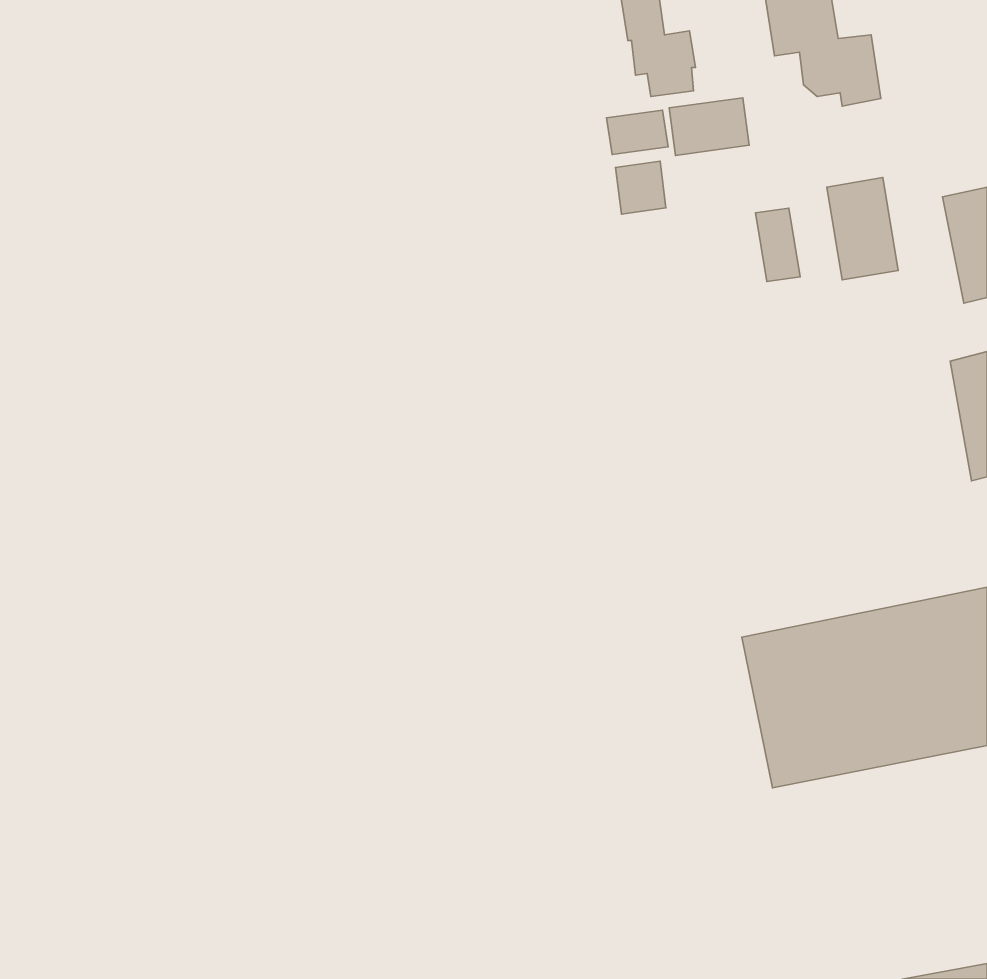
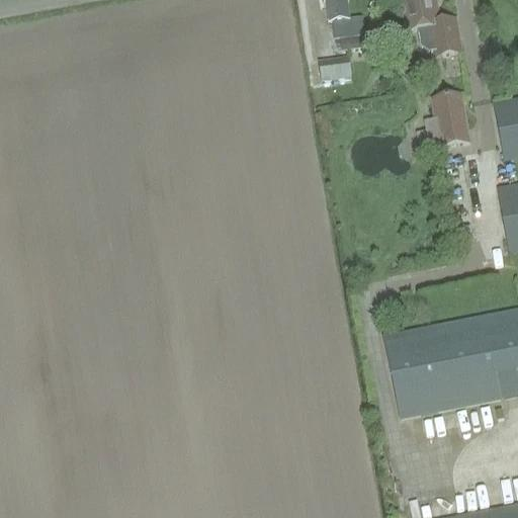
building: [669,98,749,155] -> none
building: [616,161,666,214] -> none
building: [756,208,800,281] -> none

